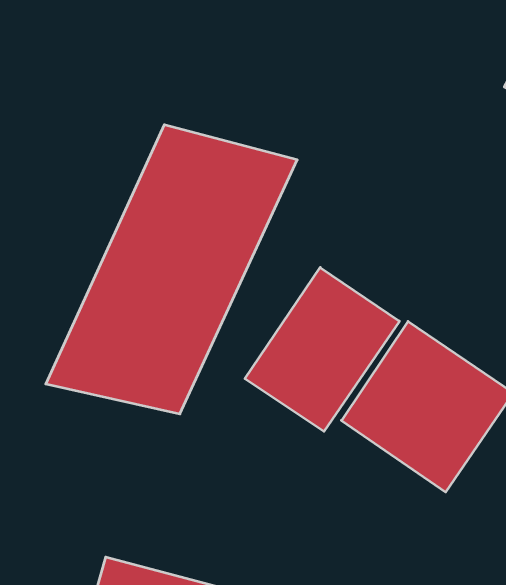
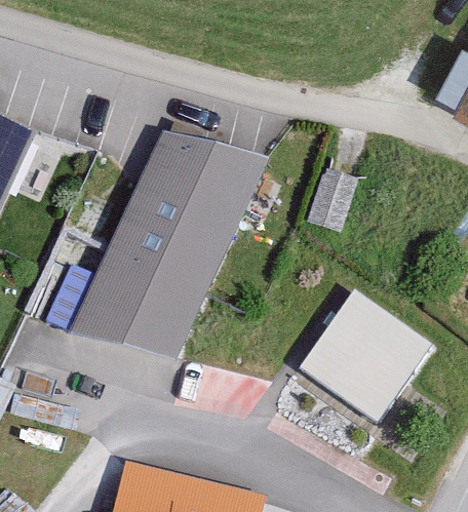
building: [245,267,399,431] -> none

